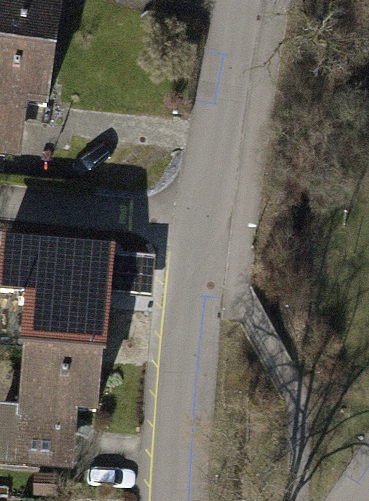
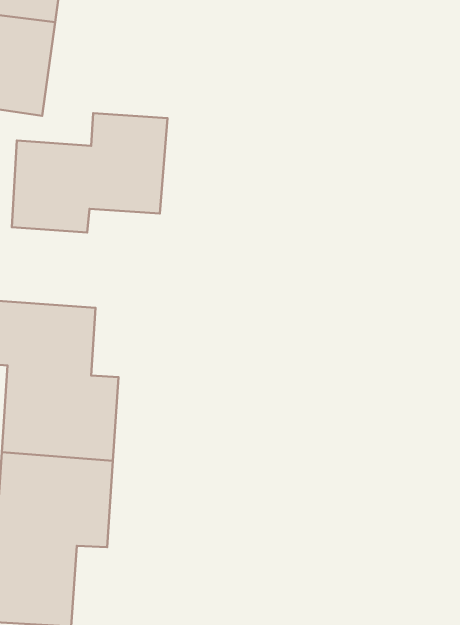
building: none -> [12,113,168,232]

